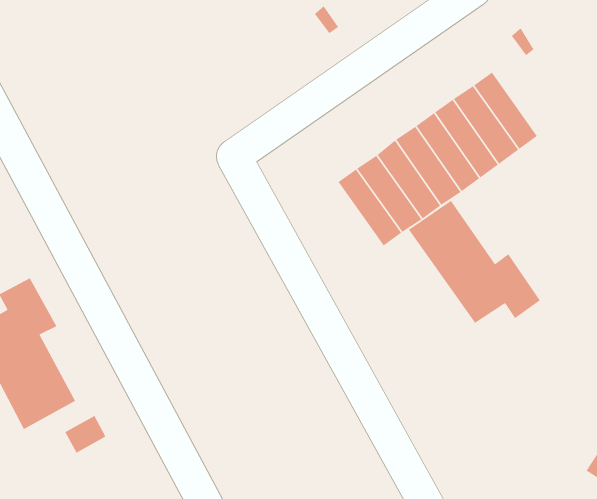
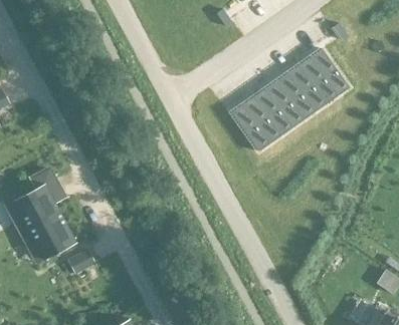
building: [408,200,541,324] -> none

